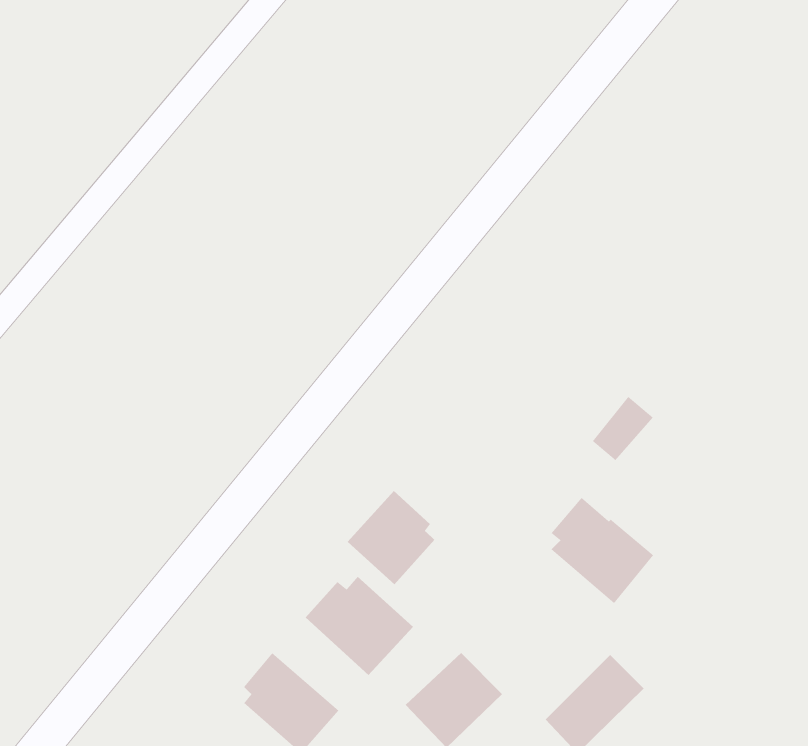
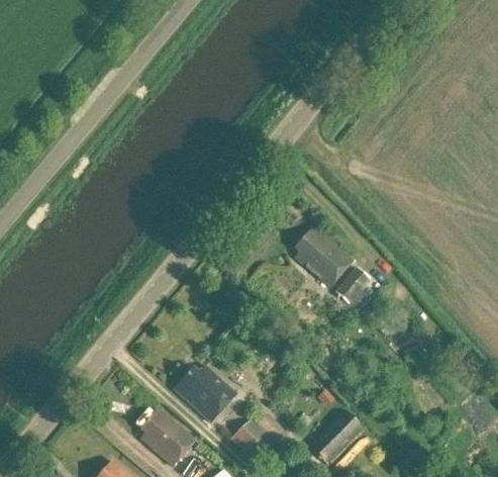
building: [347,490,435,585] -> none
building: [551,497,654,604] -> [295,227,353,287]

